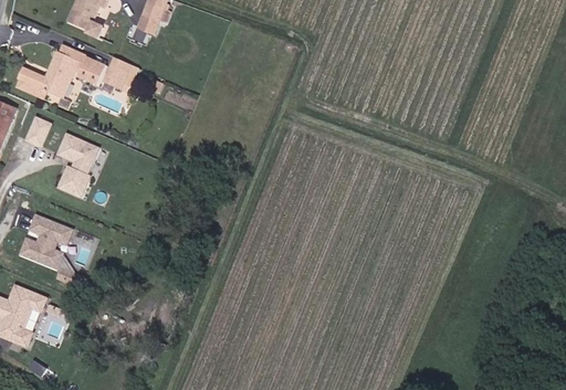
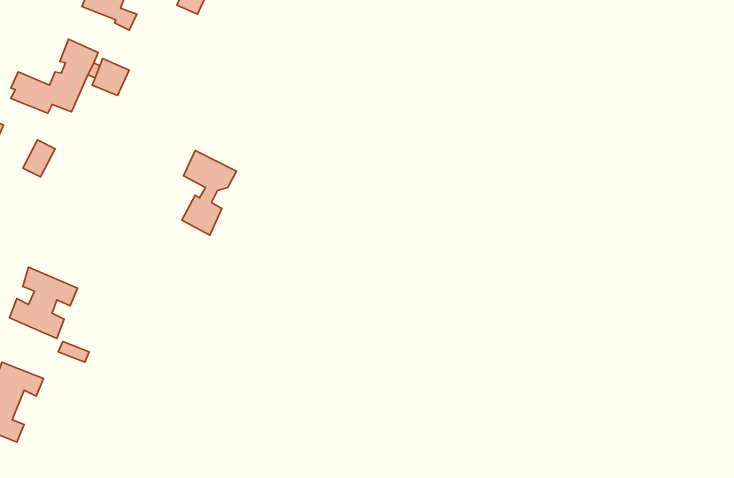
building: [106,57,133,87] -> none
building: [59,136,99,199] -> [182,151,237,235]

